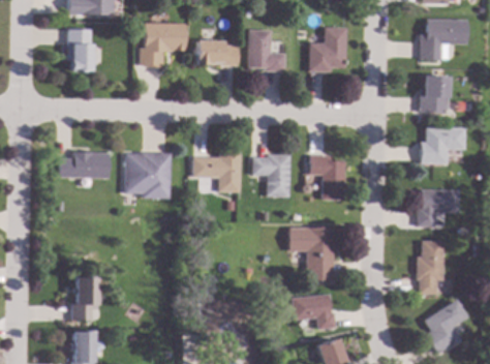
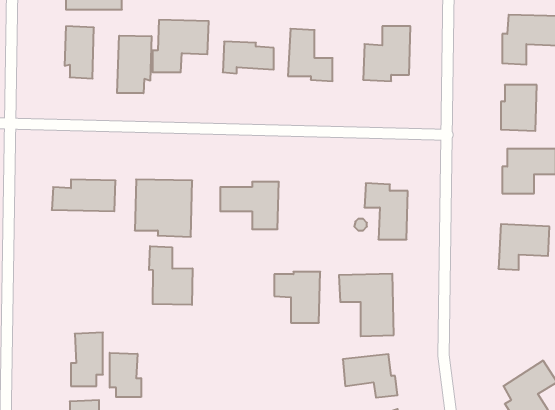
building: none -> [117,36,151,93]
building: [253,155,290,196] -> [274,272,320,323]
building: none -> [149,246,192,305]
building: [417,240,443,294] -> none
building: none -> [110,353,141,397]

